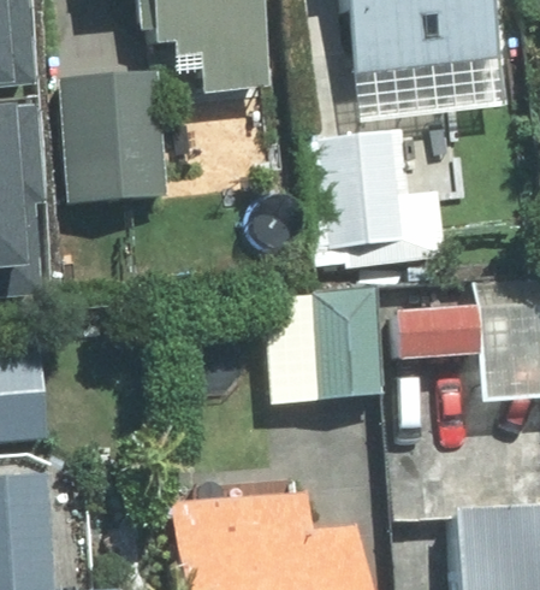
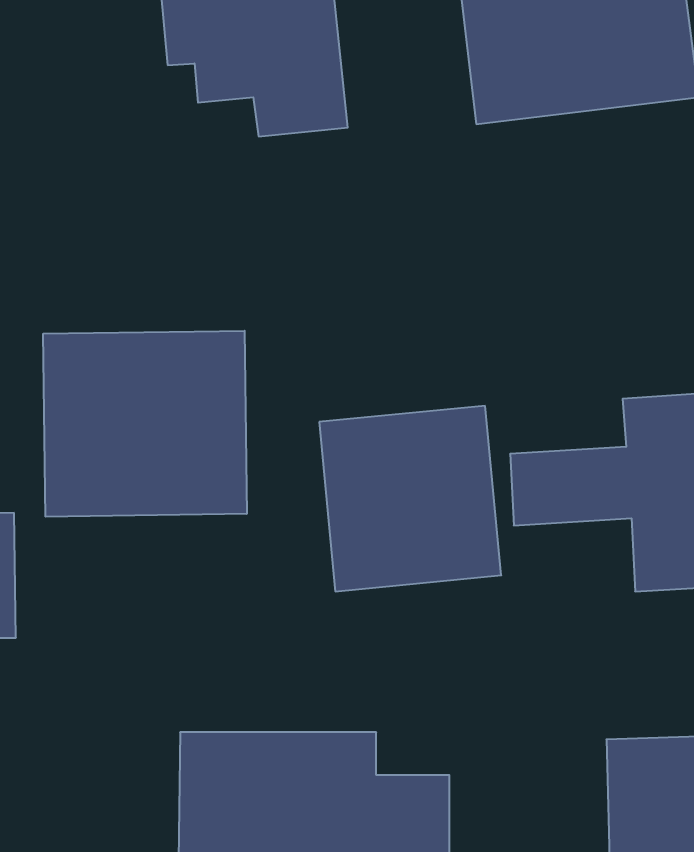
building: [72,73,156,202] -> none
building: [297,129,443,267] -> none
building: none -> [43,331,247,517]

